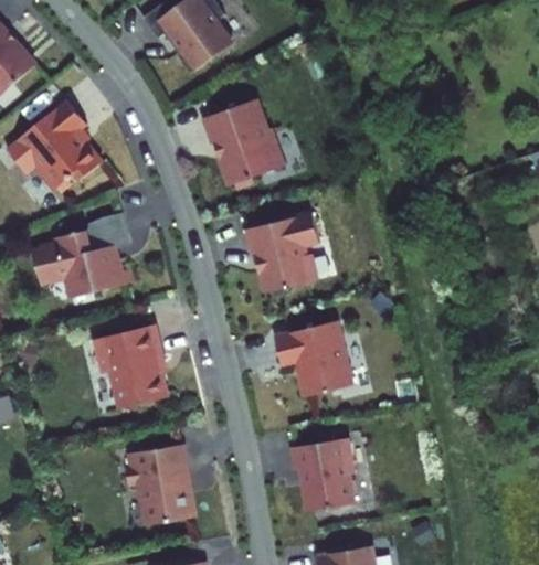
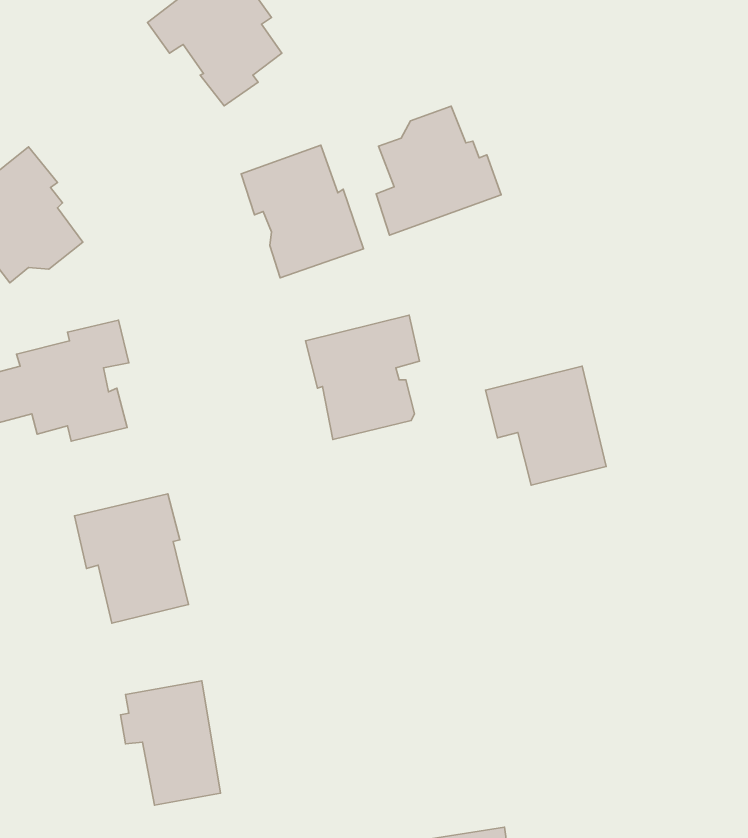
building: none -> [376,106,501,235]
building: [275,321,353,398] -> [485,366,606,485]
building: [289,438,351,512] -> none

